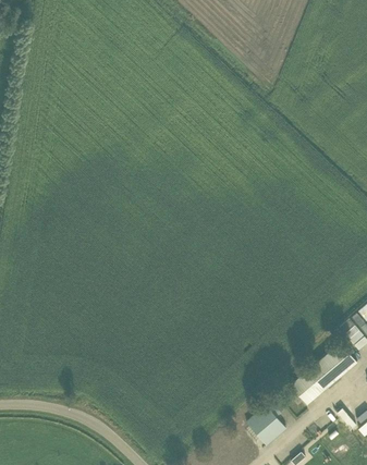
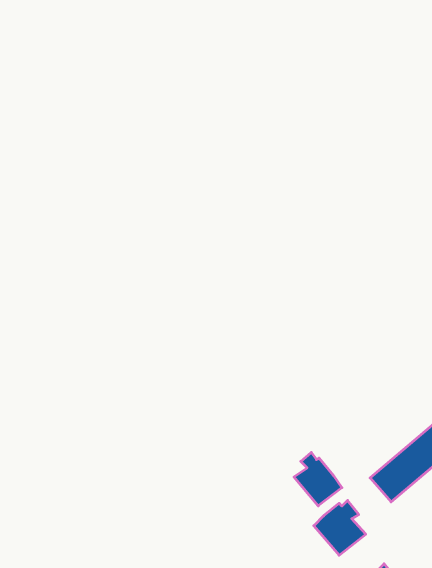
building: none -> [294,452,342,506]

